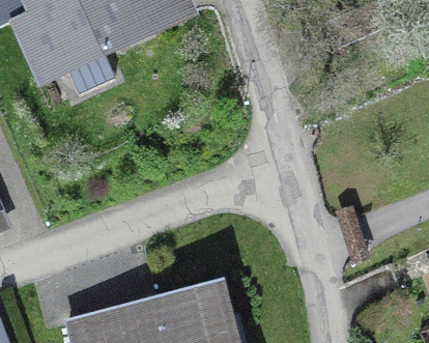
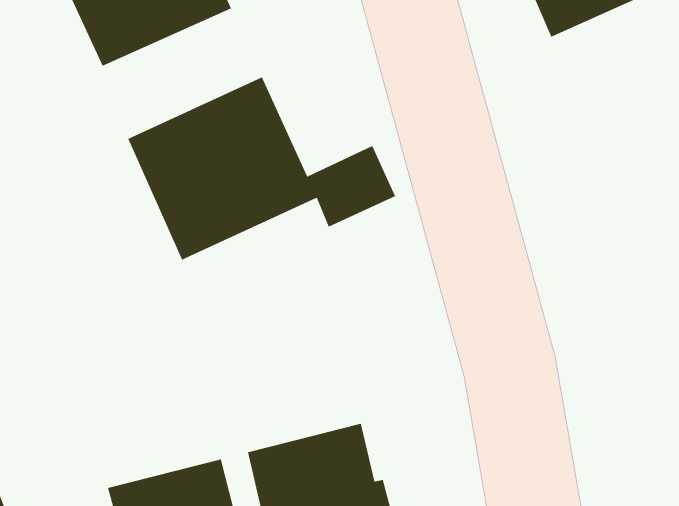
building: none -> [127,76,396,261]

